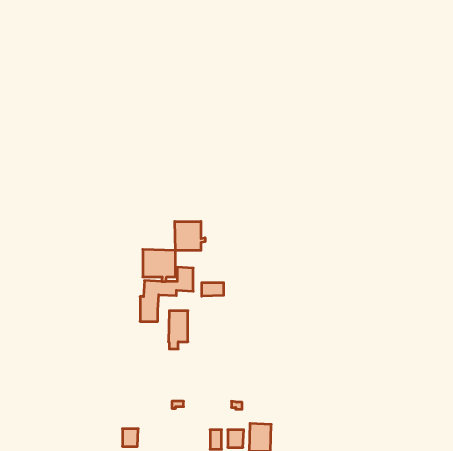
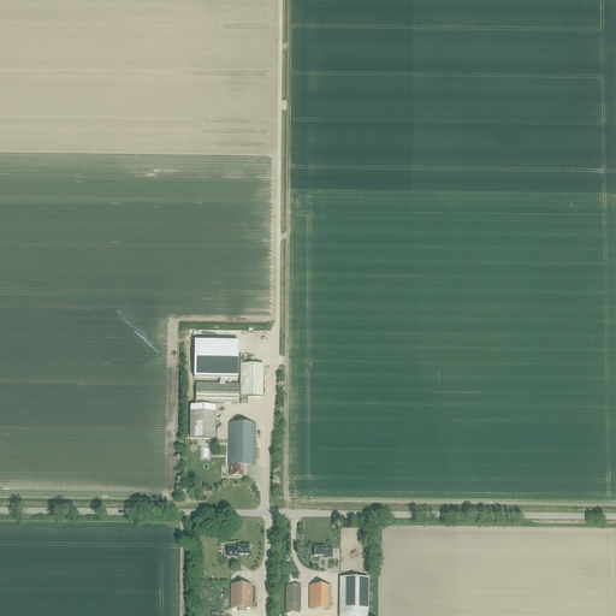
building: [175,221,205,250] -> none
building: [202,283,224,296] -> none
building: [122,429,138,446] -> [231,581,253,605]

